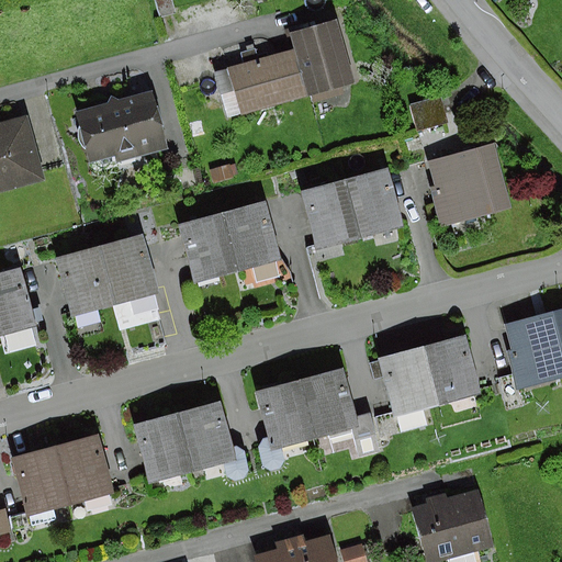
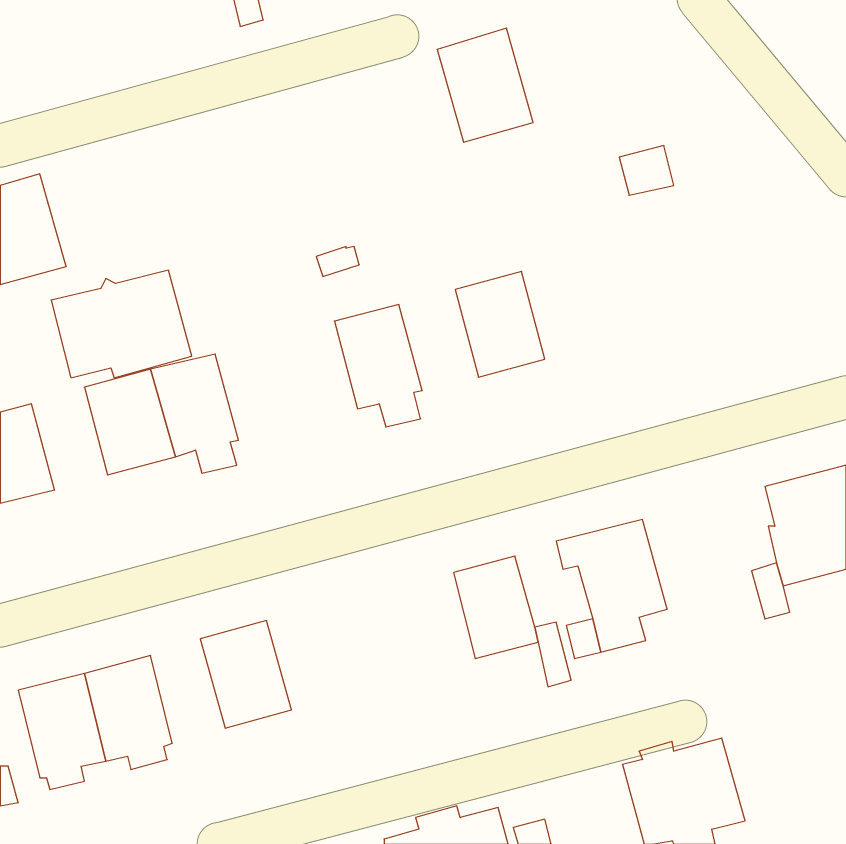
building: [213,47,307,119] -> none
building: [75,91,168,162] -> [51,270,192,378]
building: [428,144,510,225] -> none
building: [346,169,404,238] -> none
building: [179,213,237,282] -> none
building: [426,335,481,404] -> none
building: [255,380,315,470] -> none
building: [177,401,248,480] -> none

